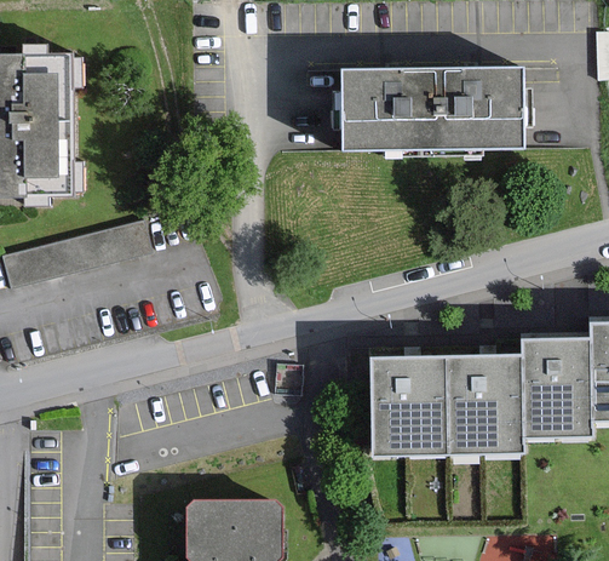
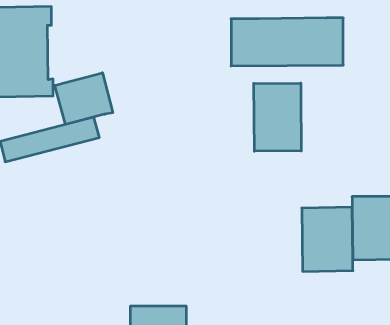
building: none -> [55,73,113,124]
building: none -> [254,83,301,151]
building: [372,356,452,452] -> none

